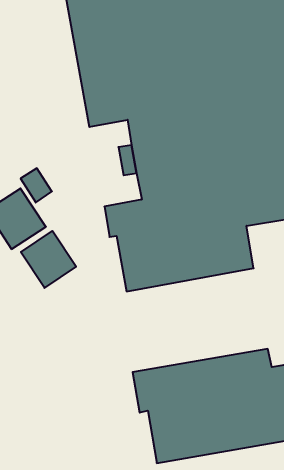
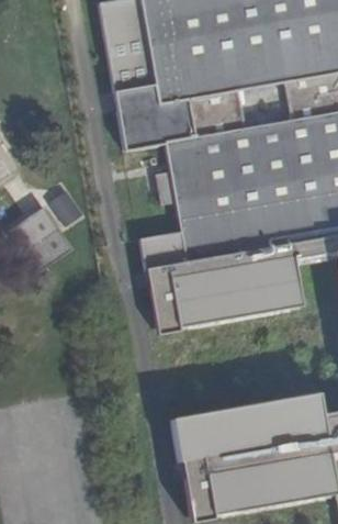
building: [21,231,76,288] -> none

